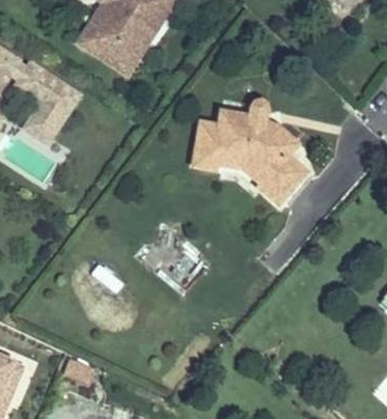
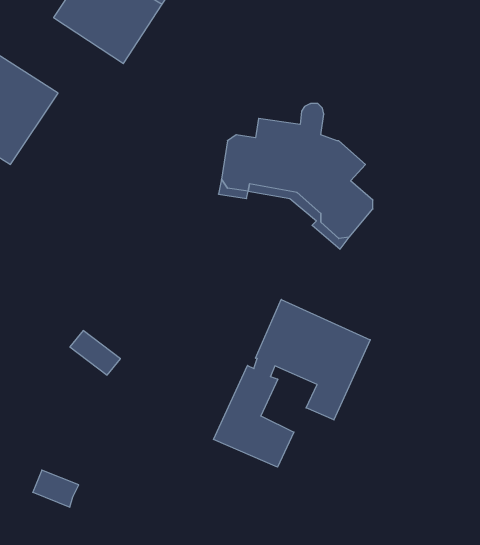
building: none -> [214,299,370,467]

